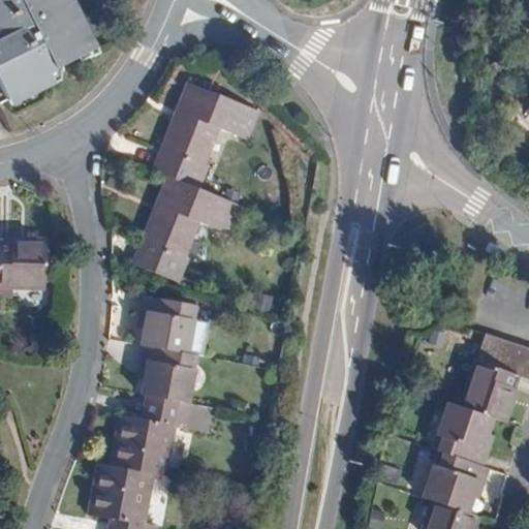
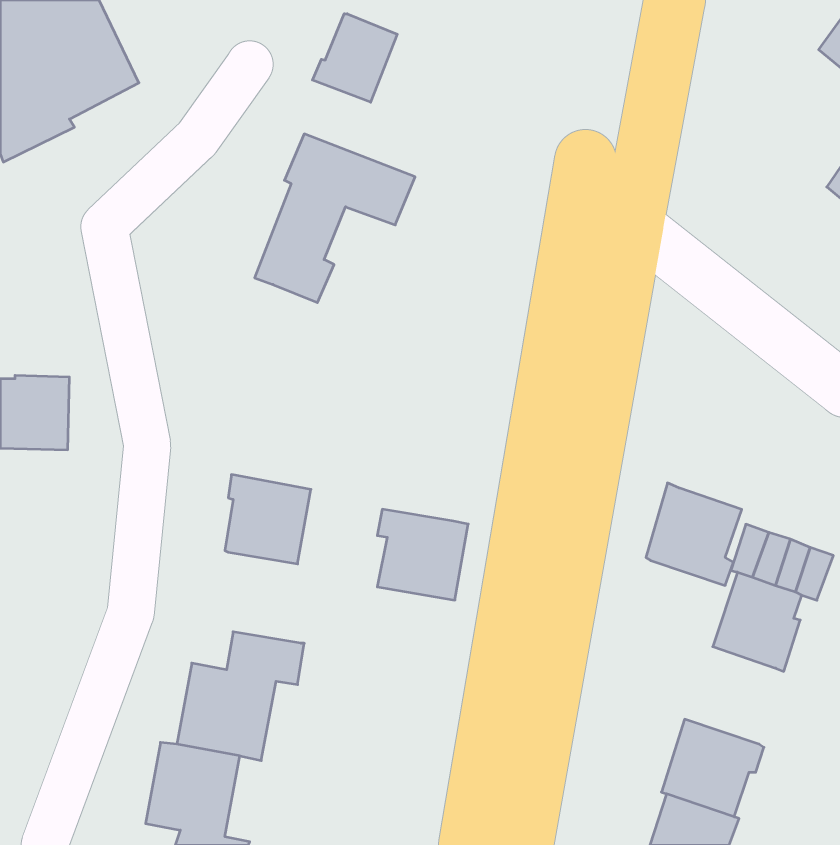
building: none -> [312,14,397,102]
building: [142,178,243,284] -> none
building: [143,345,199,402] -> [377,509,468,600]
building: [428,401,488,465] -> [646,483,742,585]

